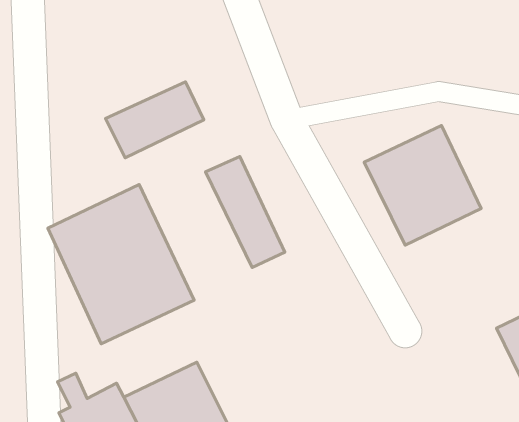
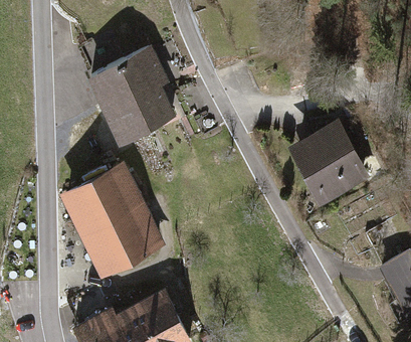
building: none -> [83,43,179,116]
building: [205,156,285,267] -> none

